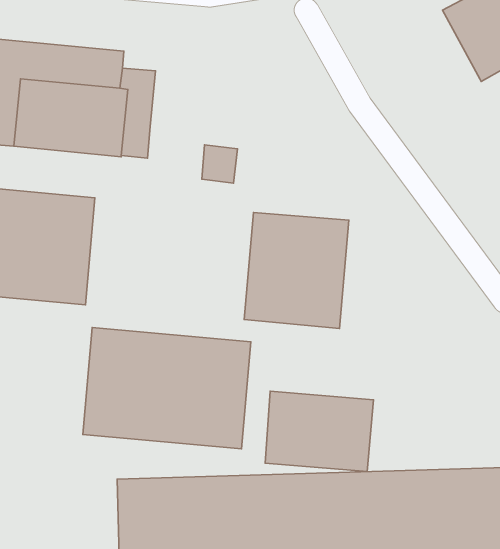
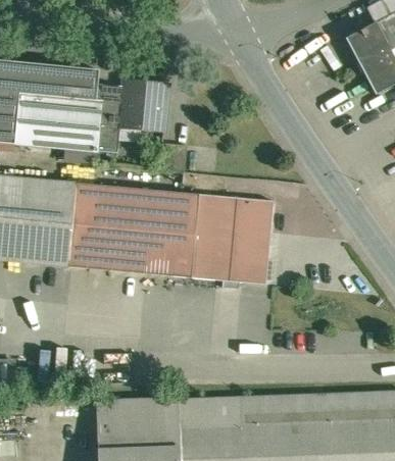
building: none -> [119,80,167,132]
building: [83,327,251,449] -> [69,184,199,277]
building: [265,391,373,472] -> none

